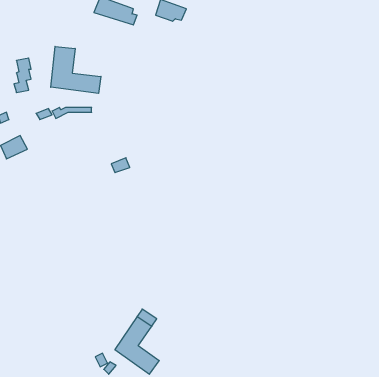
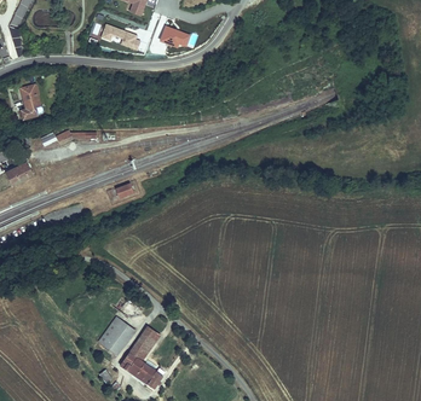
building: [51,46,101,93] -> none
building: none -> [100,320,134,361]

